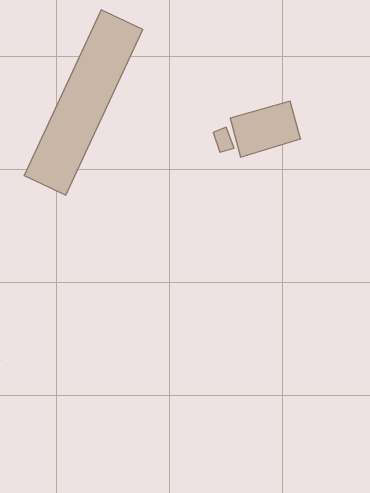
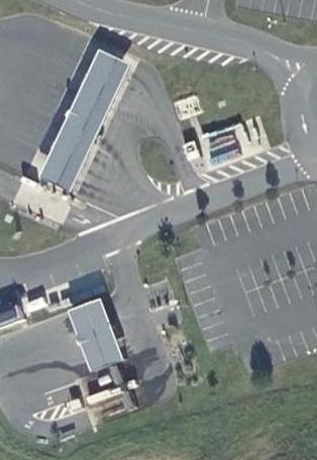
building: none -> [67,300,122,372]

